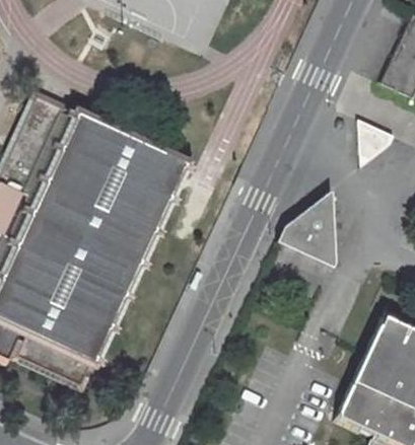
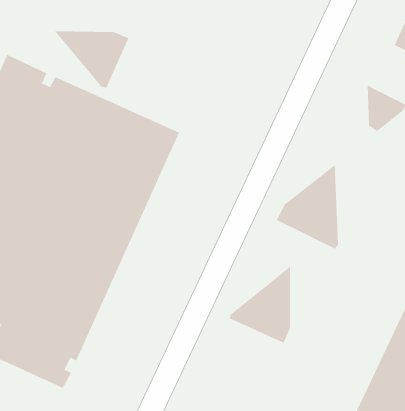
building: none -> [54,30,129,88]
building: none -> [229,266,291,344]

